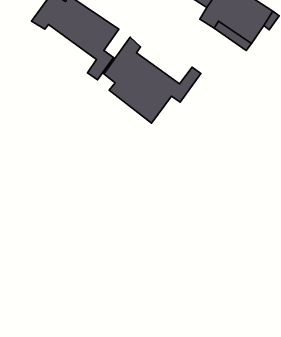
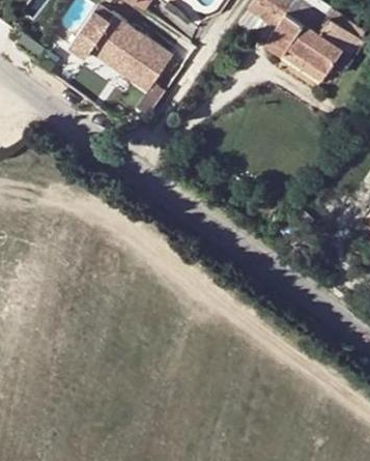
building: [104,37,201,123] -> none

